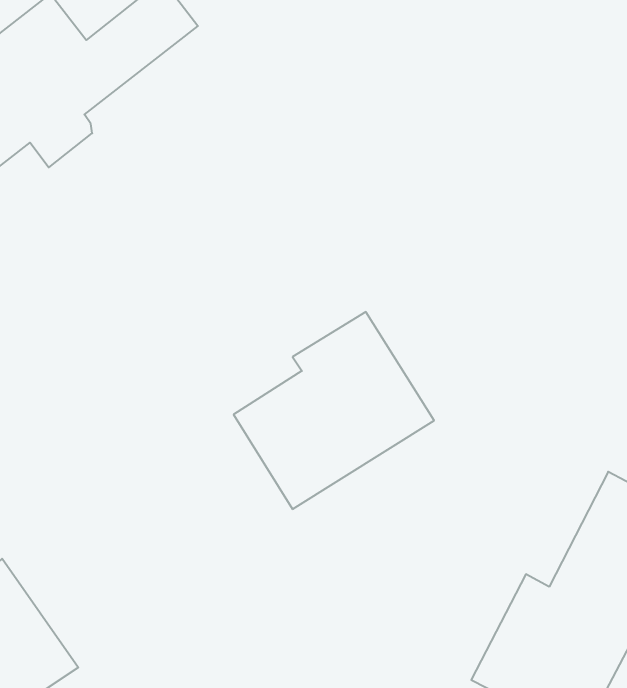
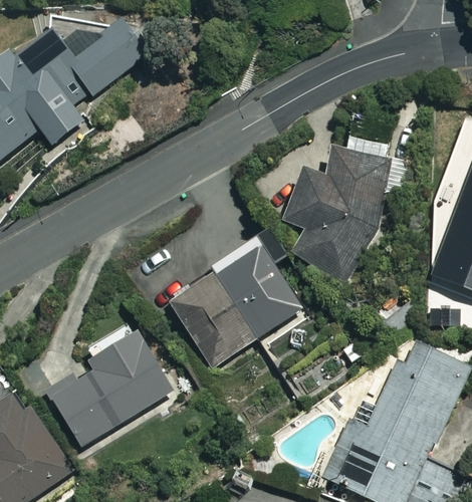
building: none -> [286,136,392,283]
building: none -> [47,331,173,445]

